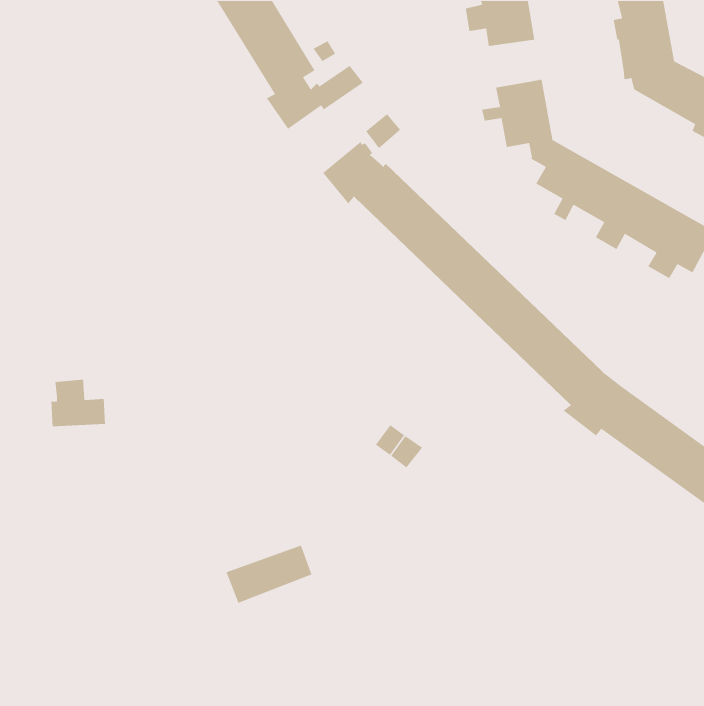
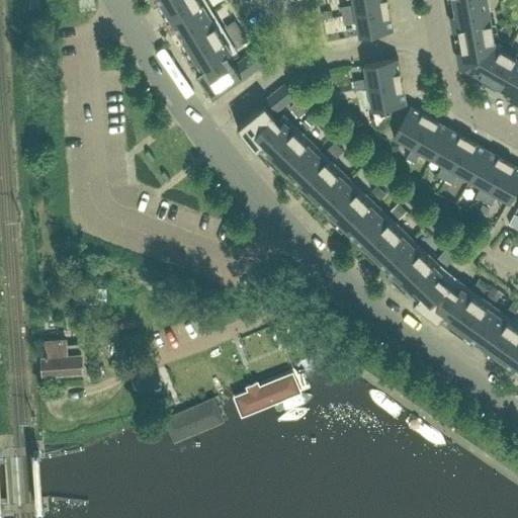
building: [50,379,106,427] -> [42,338,83,373]
building: none -> [235,369,304,415]

